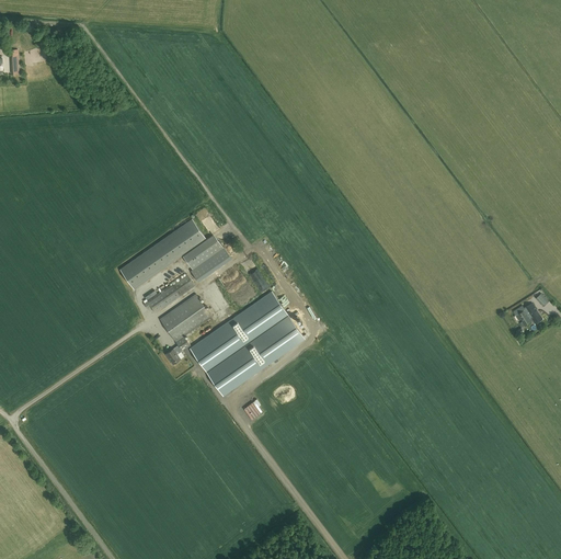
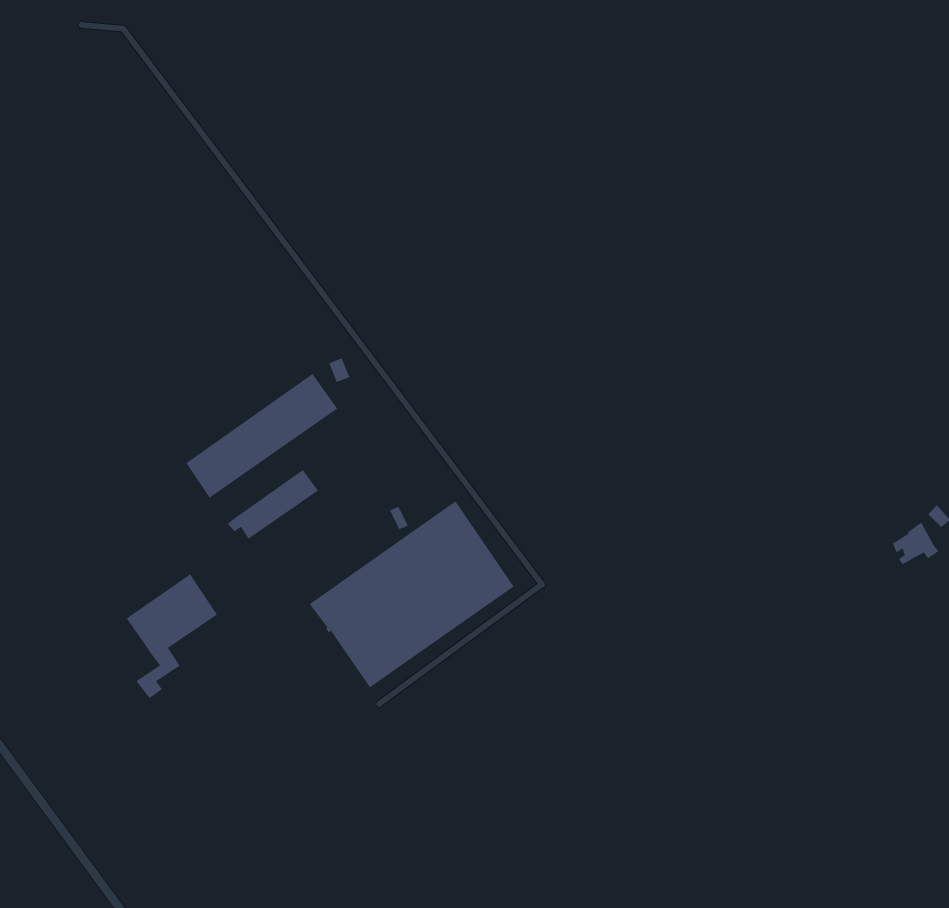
building: [185,237,230,281] -> none
building: [159,293,210,363] -> [126,574,218,699]

